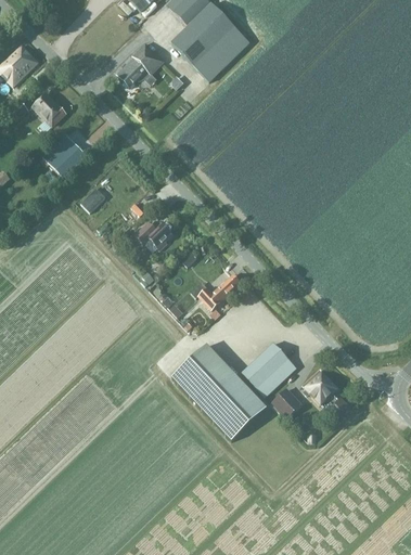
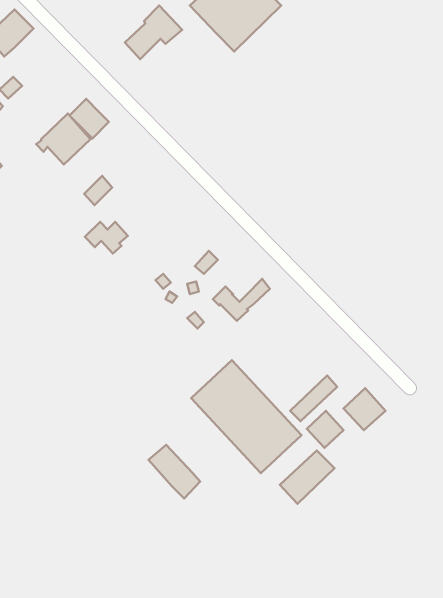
building: [33,94,66,128] -> [70,99,109,138]
building: [136,222,172,249] -> [85,222,128,253]
building: [242,343,288,388] -> [280,450,334,504]
building: none -> [148,445,200,499]

